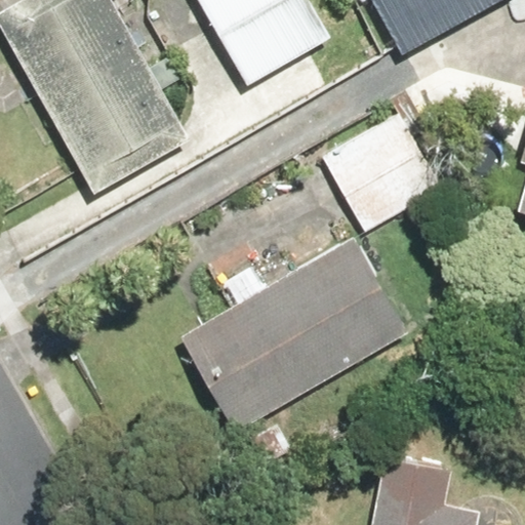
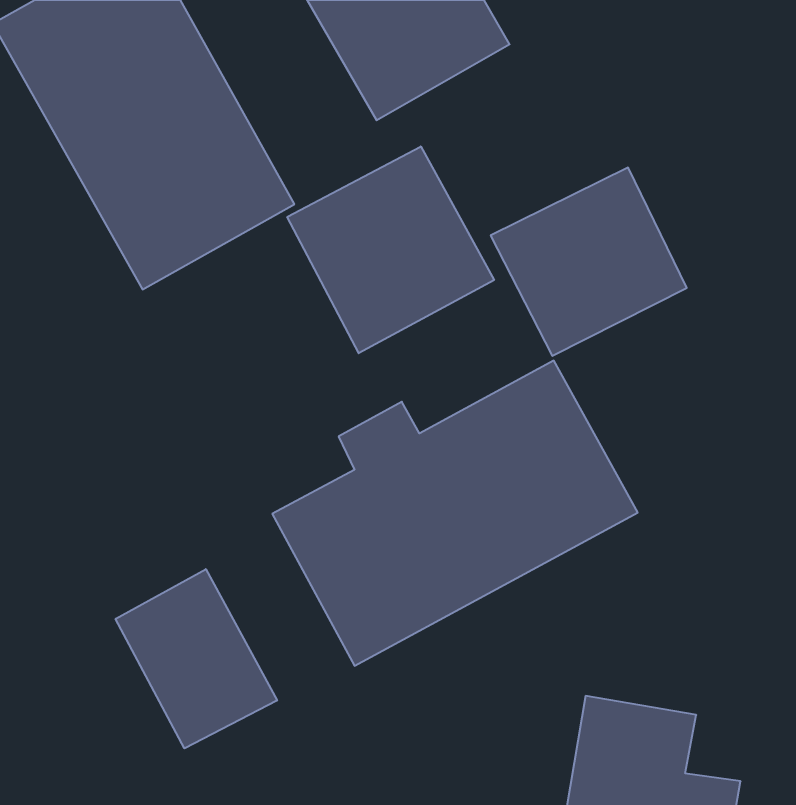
building: none -> [287,146,494,353]
building: none -> [116,569,277,748]

